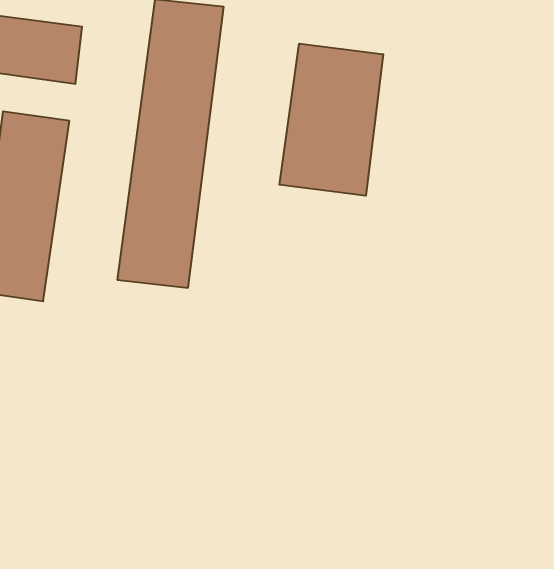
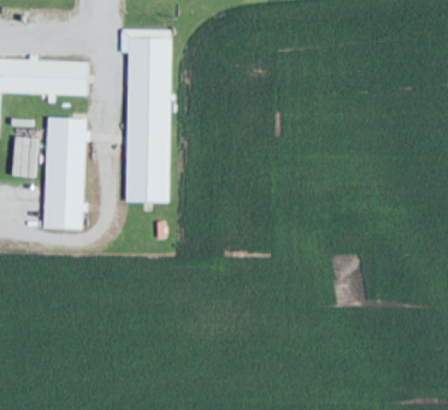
building: [279,44,383,196] -> none

